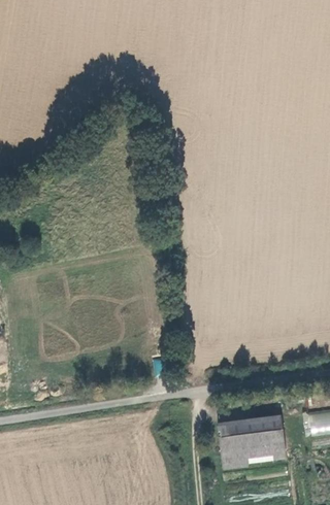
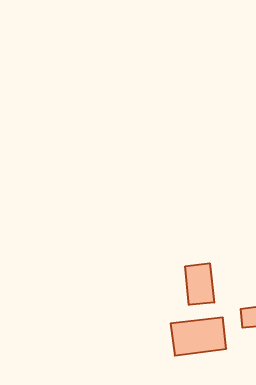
building: none -> [185,263,214,305]

